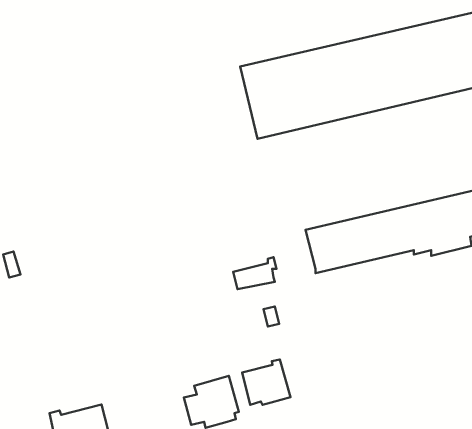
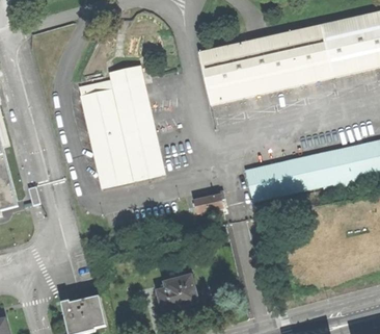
building: none -> [80,74,164,187]
building: [242,360,290,405] -> none

